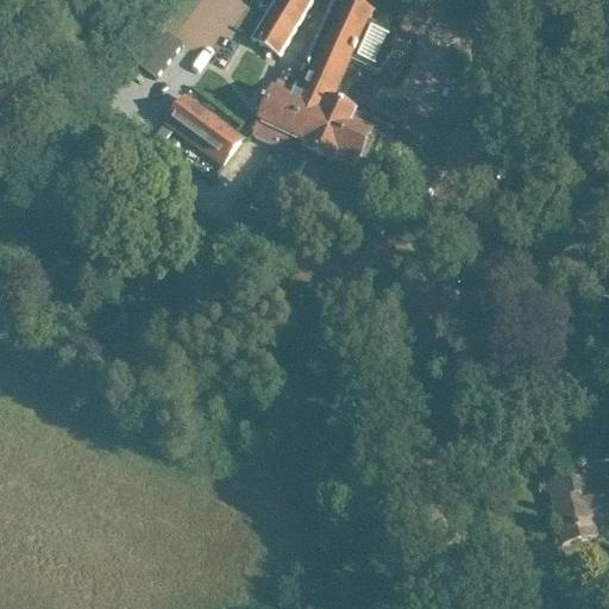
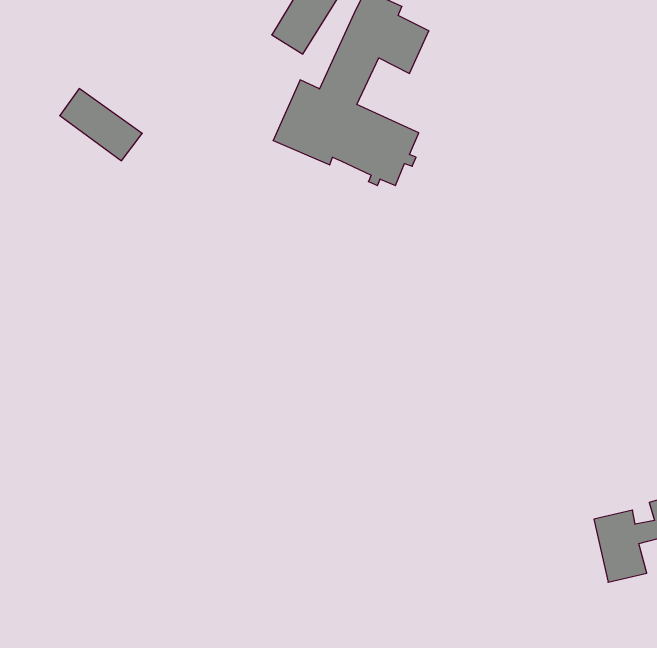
building: [139,24,183,73] -> none
building: [167,92,243,158] -> [60,89,142,161]

